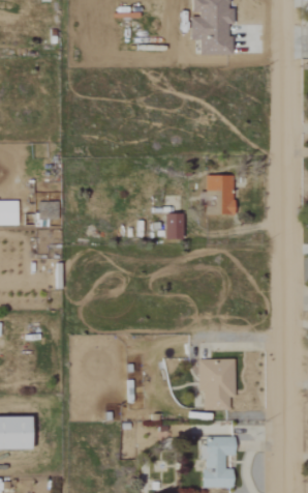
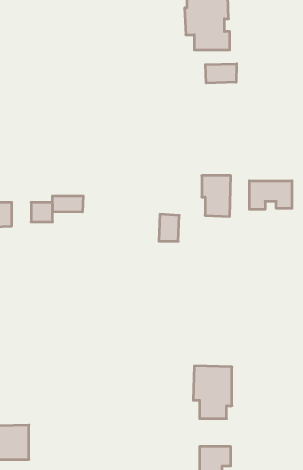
building: none -> [205,64,237,83]
building: none -> [249,181,292,209]
building: none -> [52,196,83,212]

